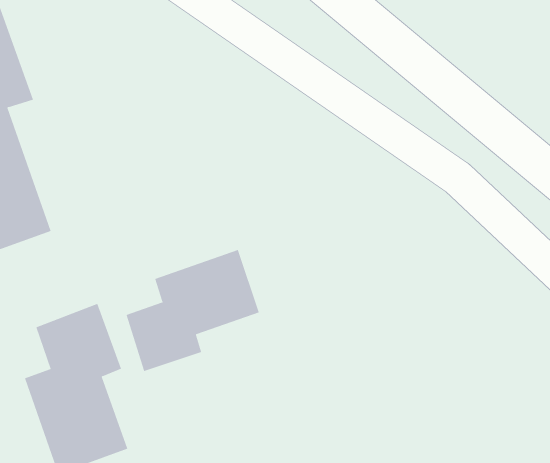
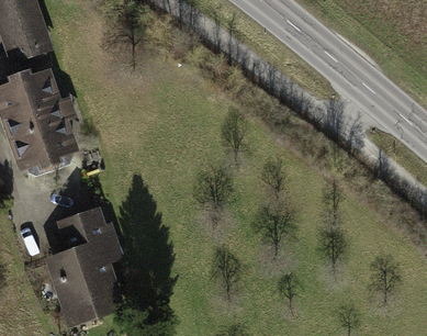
building: [126,249,260,372] -> none

